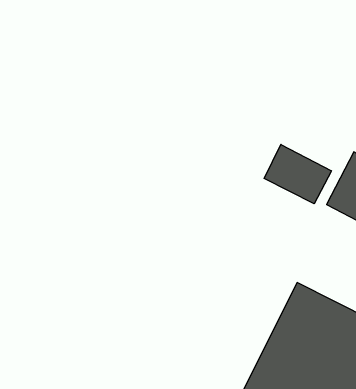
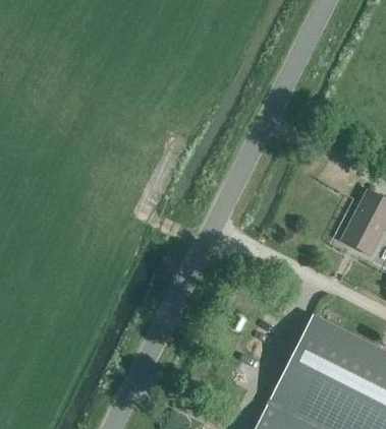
building: [264,144,331,204] -> none

